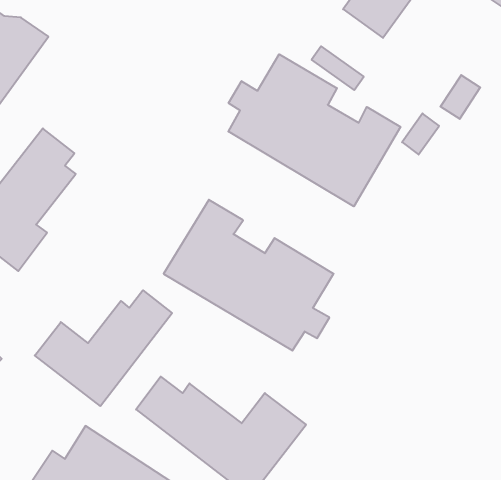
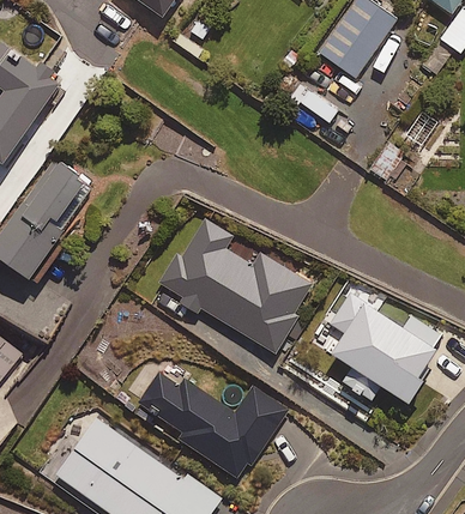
building: [228,54,400,206] -> none
building: none -> [330,289,442,399]
building: [35,290,172,406] -> none

